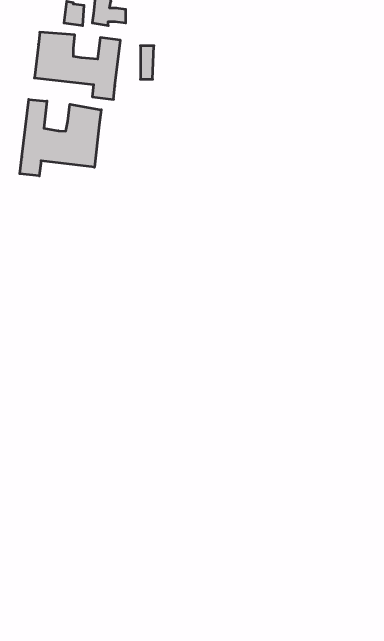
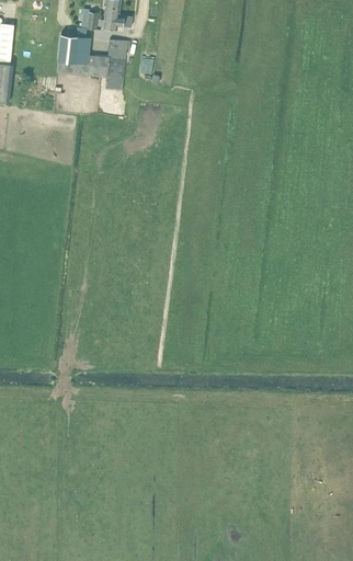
building: [20,99,101,176] -> none

